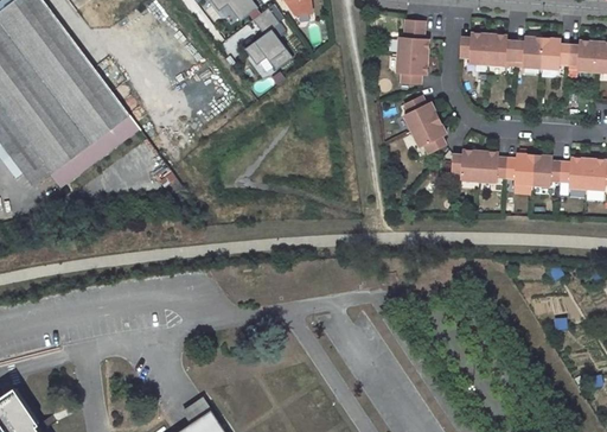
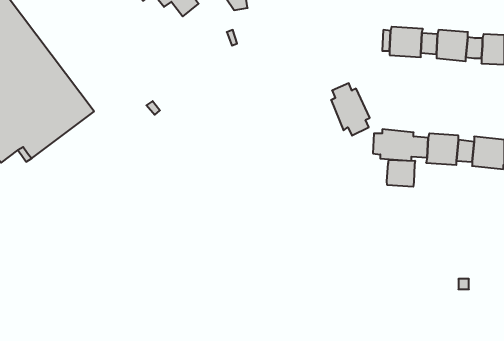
building: [244,7,292,70] -> none
building: [401,21,435,85] -> none
building: none -> [387,160,415,187]

